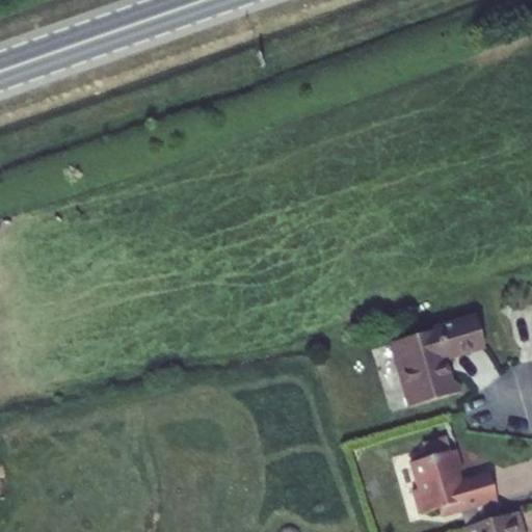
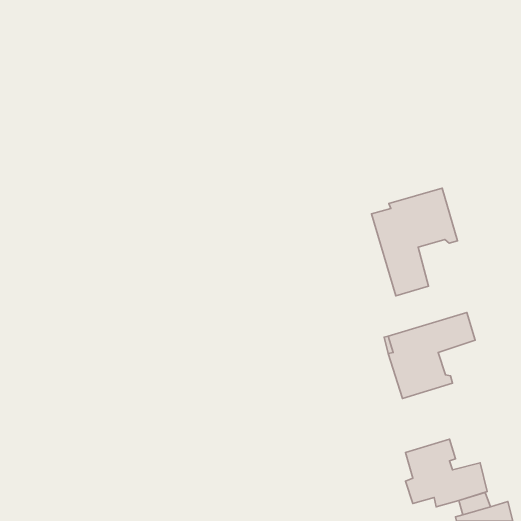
building: none -> [371,188,457,296]

